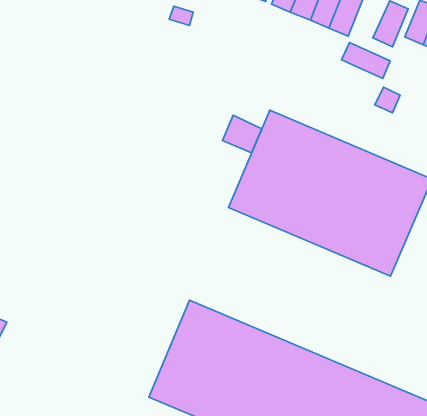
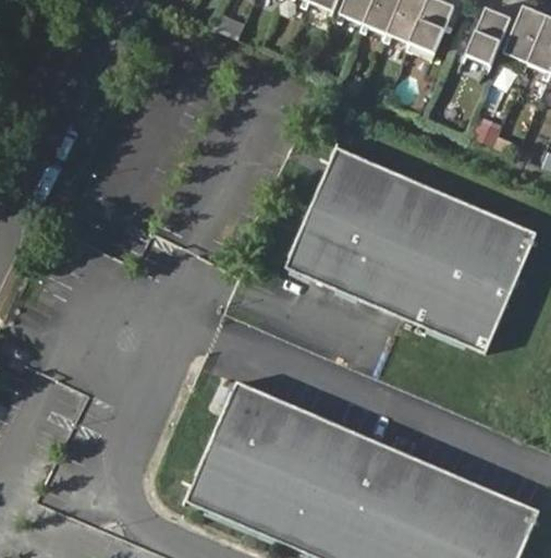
building: [342,43,390,79] -> none
building: [222,115,262,153] -> none

